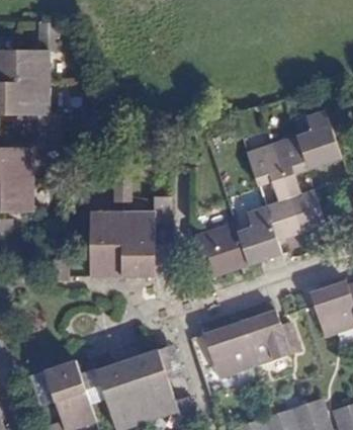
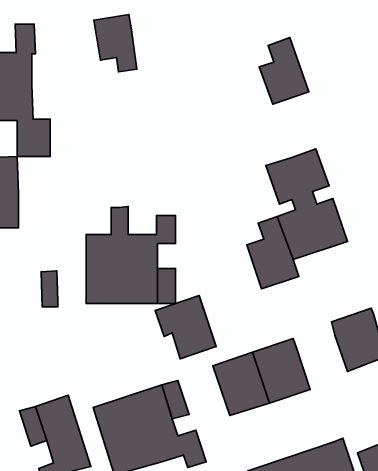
building: none -> [94,14,137,72]
building: [296,112,341,172] -> [259,37,309,104]
building: [193,219,248,275] -> [155,296,216,359]

